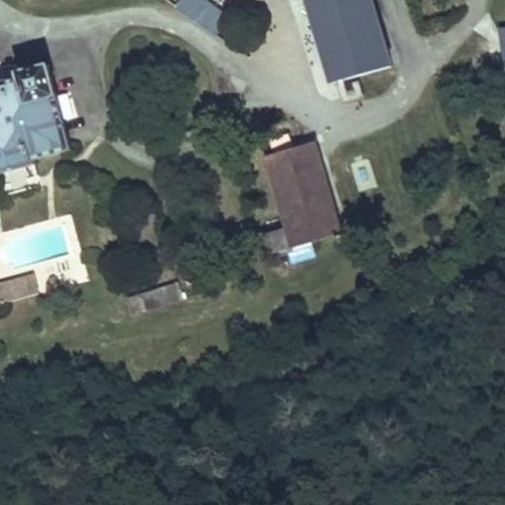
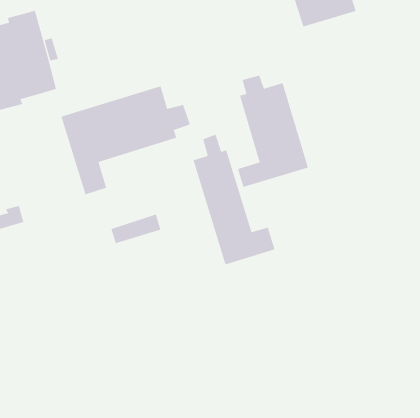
building: none -> [61,86,191,195]
building: none -> [193,134,275,265]

